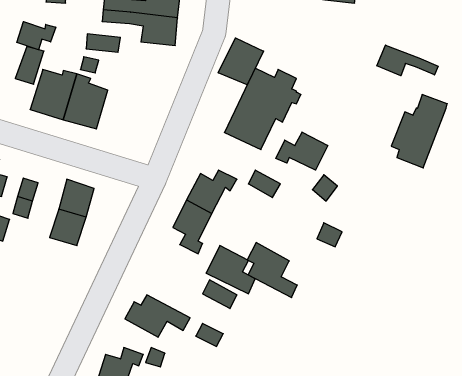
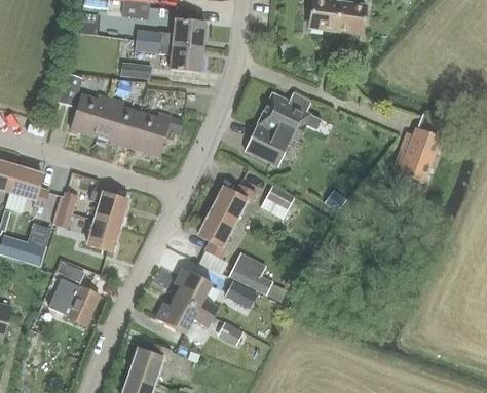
building: [17,22,56,50] -> none
building: [218,38,264,85] -> none
building: [377,45,438,76] -> none
building: none -> [129,112,183,156]
building: [276,132,328,170] -> none
building: [247,243,297,298] -> [174,267,219,316]
building: none -> [58,268,99,325]

